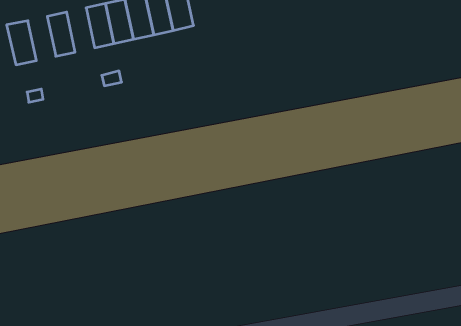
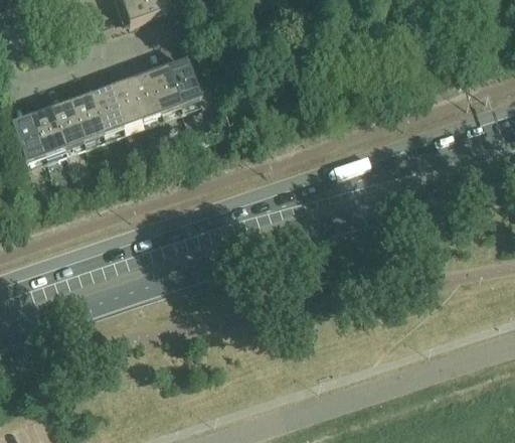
building: none -> [70,93,104,139]
building: none -> [32,107,65,153]

